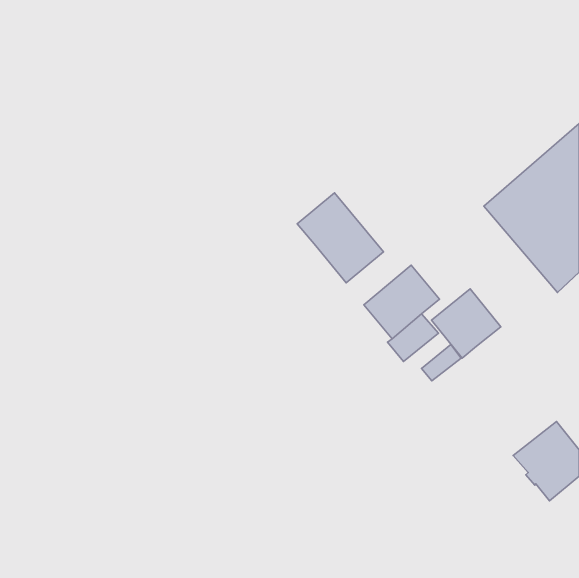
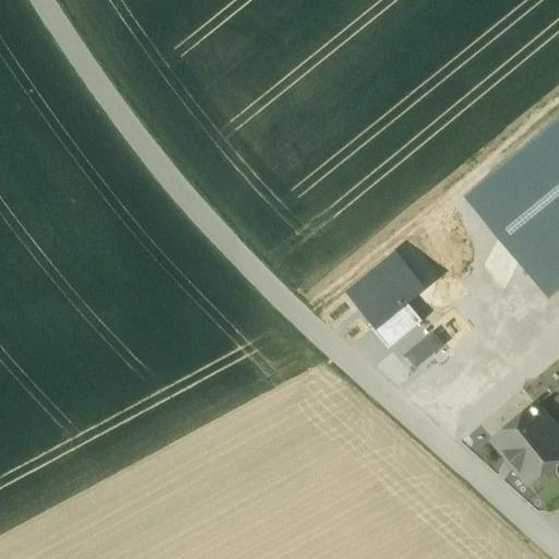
building: [297,193,384,283] -> none
building: [431,289,501,358] -> none

